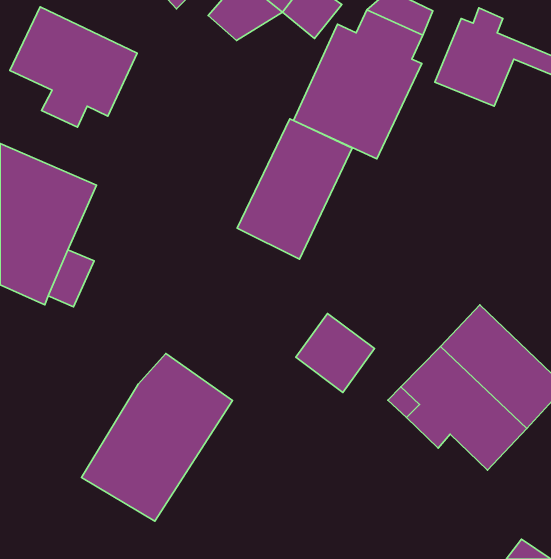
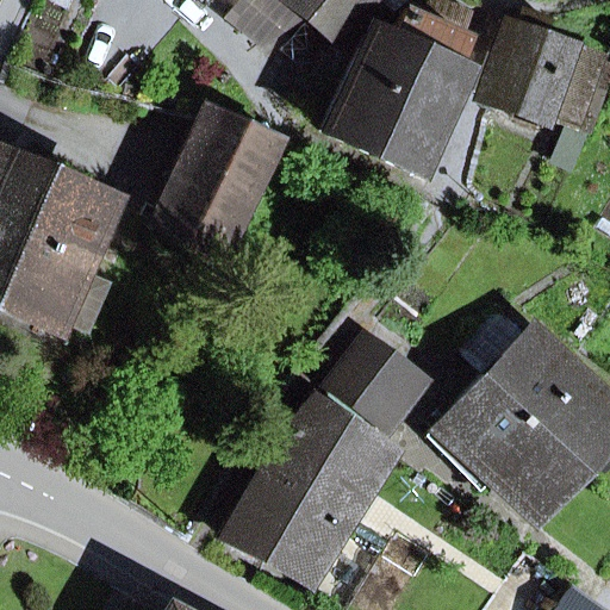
building: [10,7,137,127] -> none
building: [237,119,352,259] -> [158,104,284,256]
building: [81,353,233,521] -> [228,398,392,580]

